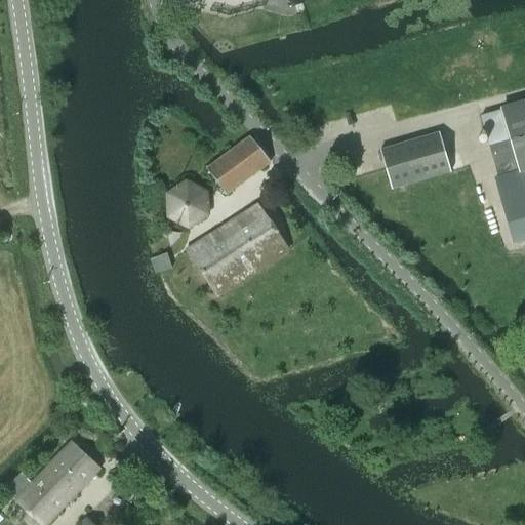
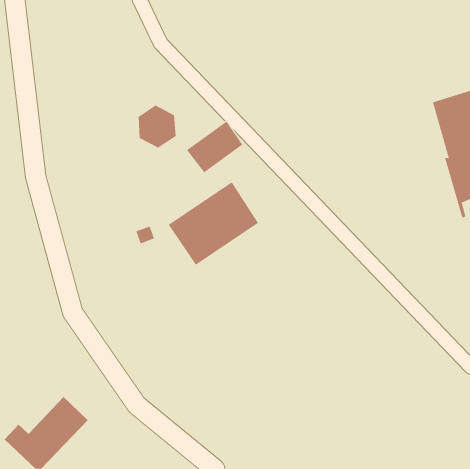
building: [380,131,451,188] -> none
building: [167,179,210,228] -> [138,105,177,148]

